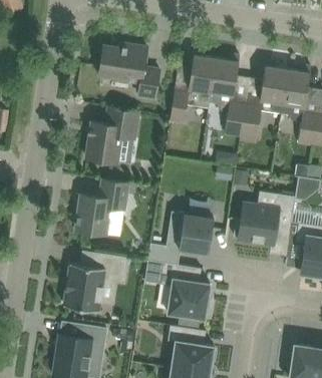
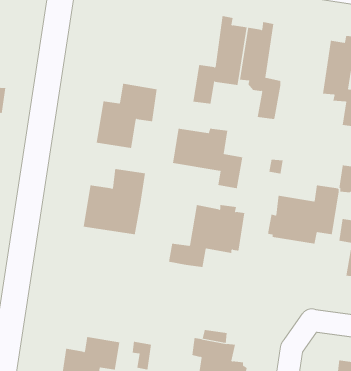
building: [98,45,159,97] -> [172,128,243,189]
building: [259,59,287,115] -> none
building: [239,104,261,144] -> none
building: [63,254,127,311] -> none
building: [159,263,210,318] -> none

